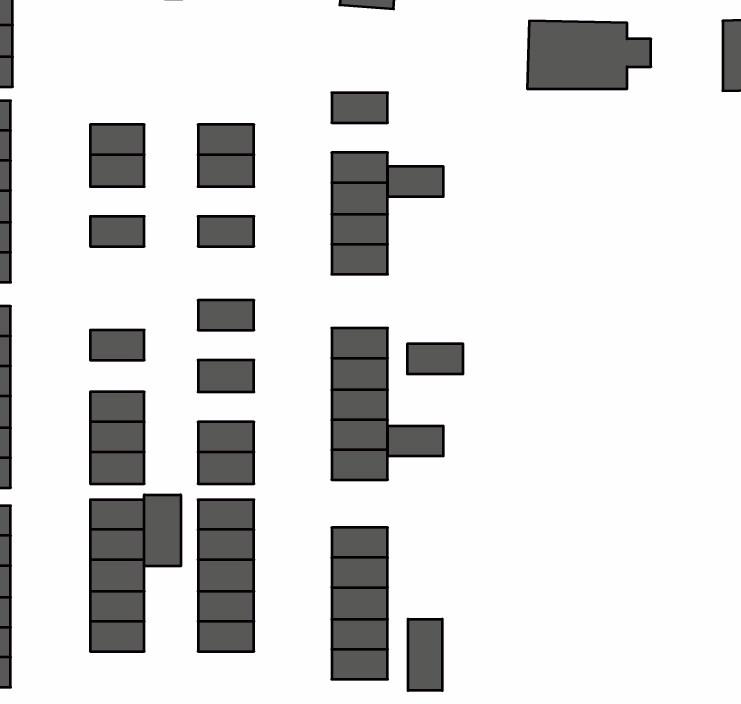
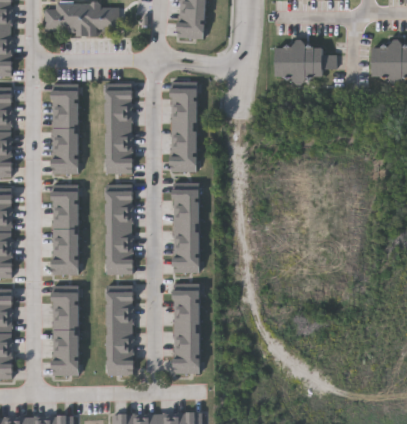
building: none -> [52,82,79,97]
building: none -> [106,82,134,97]
building: [388,167,443,197] -> [173,96,201,111]
building: none -> [52,128,79,143]
building: none -> [106,128,134,143]
building: none -> [52,158,79,174]
building: none -> [106,158,134,174]
building: none -> [52,185,79,200]
building: none -> [106,200,134,215]
building: [407,344,463,374] -> [173,184,201,199]
building: none -> [52,215,79,231]
building: none -> [106,231,134,246]
building: [388,426,443,456] -> [173,284,201,299]
building: [144,495,181,566] -> none
building: [408,619,442,691] -> none
building: none -> [52,361,79,377]
building: none -> [106,361,134,377]

